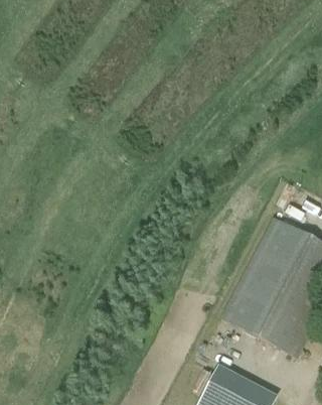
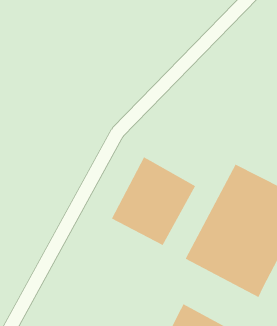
building: none -> [111,156,196,246]

